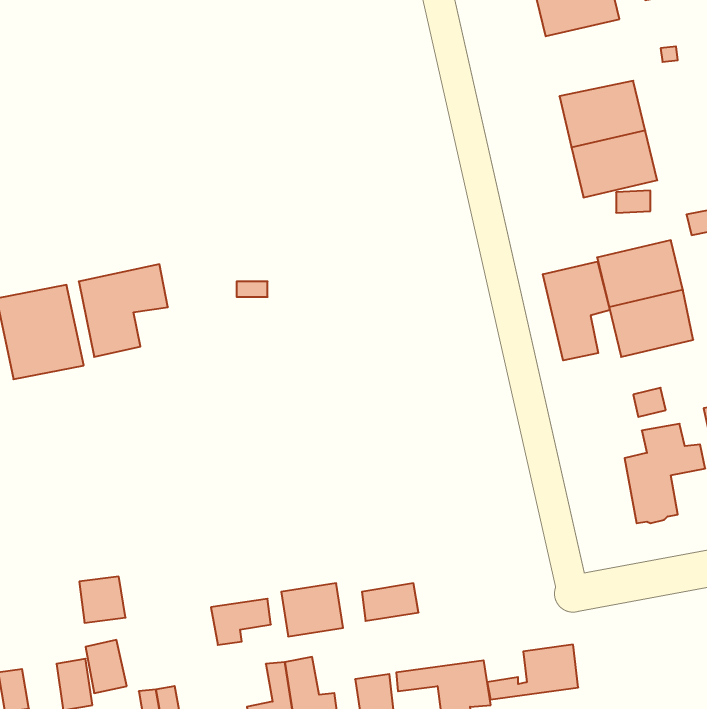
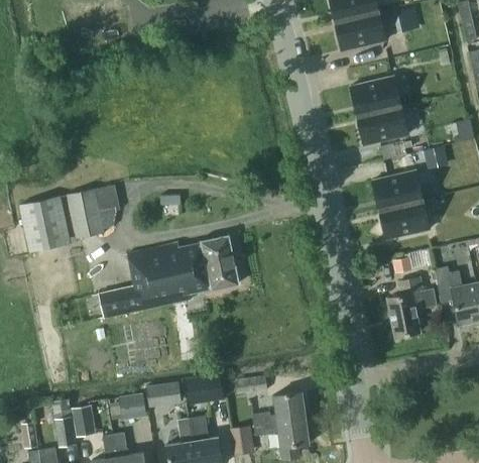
building: [543,262,610,360] -> none
building: none -> [100,236,238,318]
building: [79,577,126,623] -> [119,393,146,421]
building: [487,645,578,699] -> [252,392,306,425]

